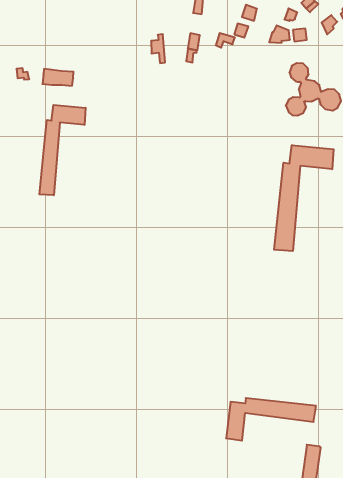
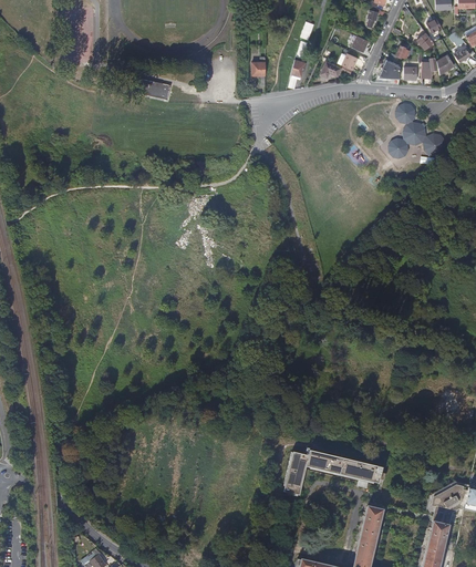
building: [39,105,86,195] -> none
building: [274,145,334,251] -> none

